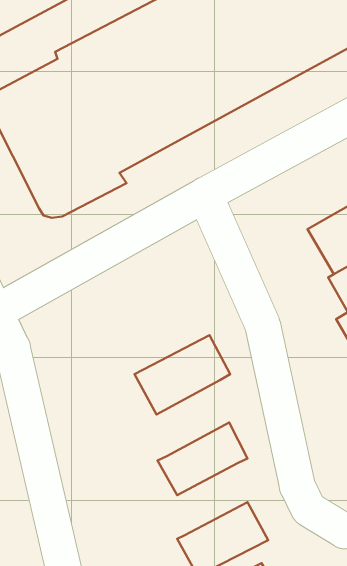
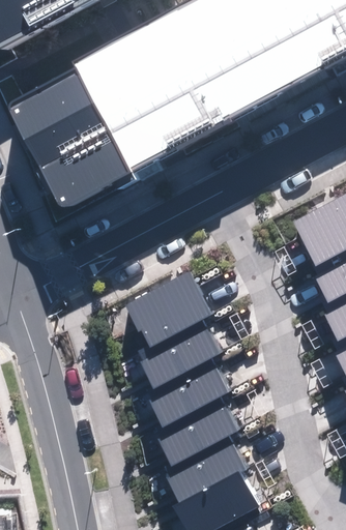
building: none -> [128,267,215,346]
building: none -> [149,359,232,428]
building: none -> [166,434,248,499]

